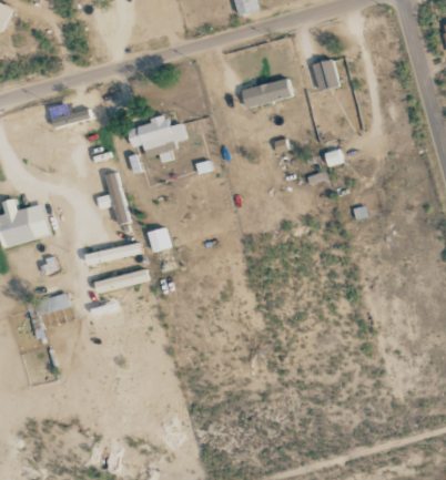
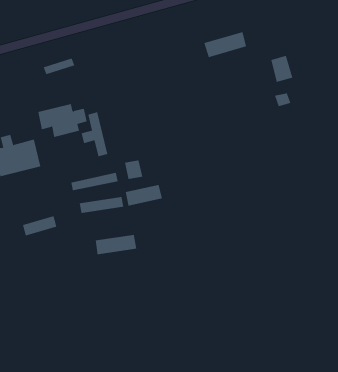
building: [312,58,338,90] -> [271,55,293,83]
building: [126,116,185,156] -> [37,103,87,137]
building: none -> [125,184,163,207]
building: none -> [95,234,137,255]

